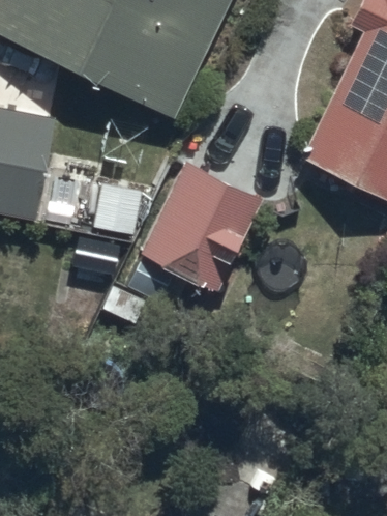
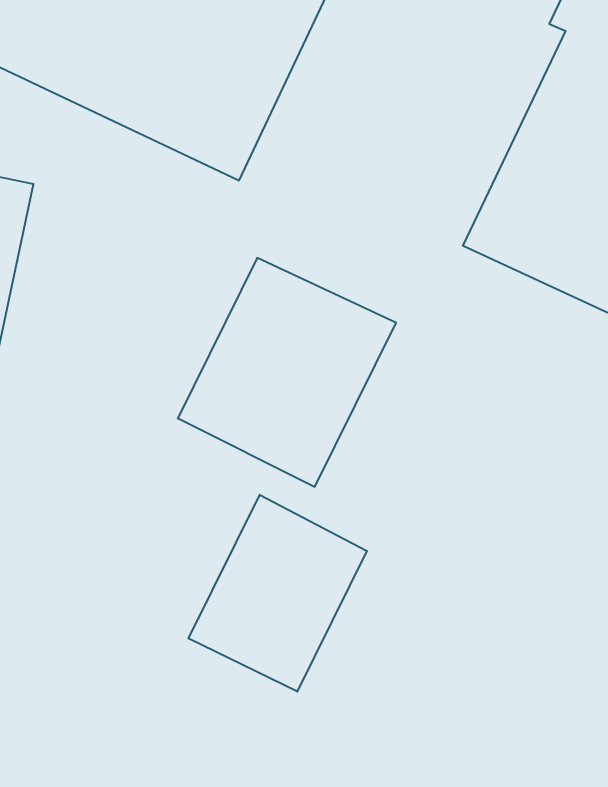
building: none -> [189,495,367,692]

